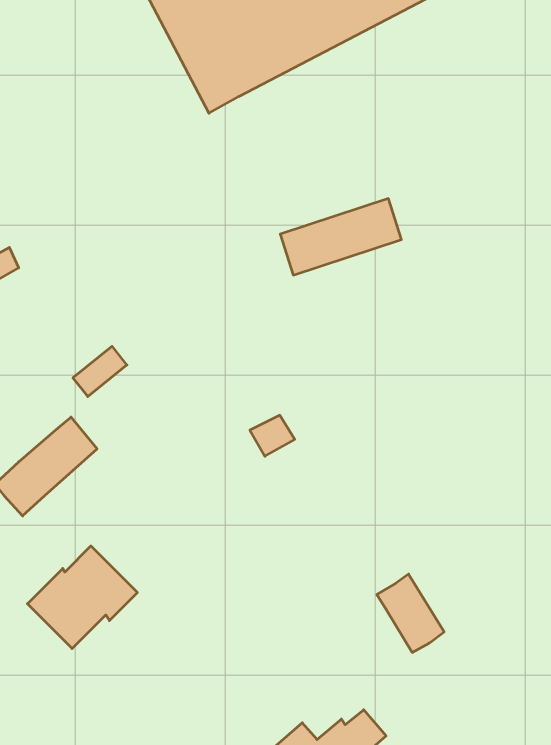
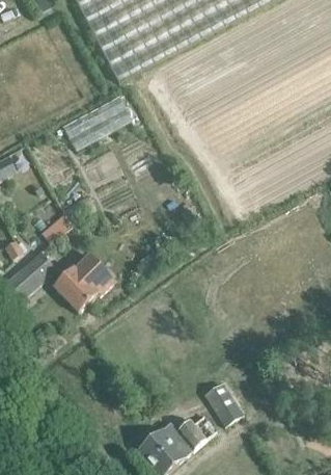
building: [280,199,401,275] -> [65,98,133,140]
building: [27,546,137,649] -> [53,253,114,310]
building: [377,574,444,652] -> [204,380,242,424]

